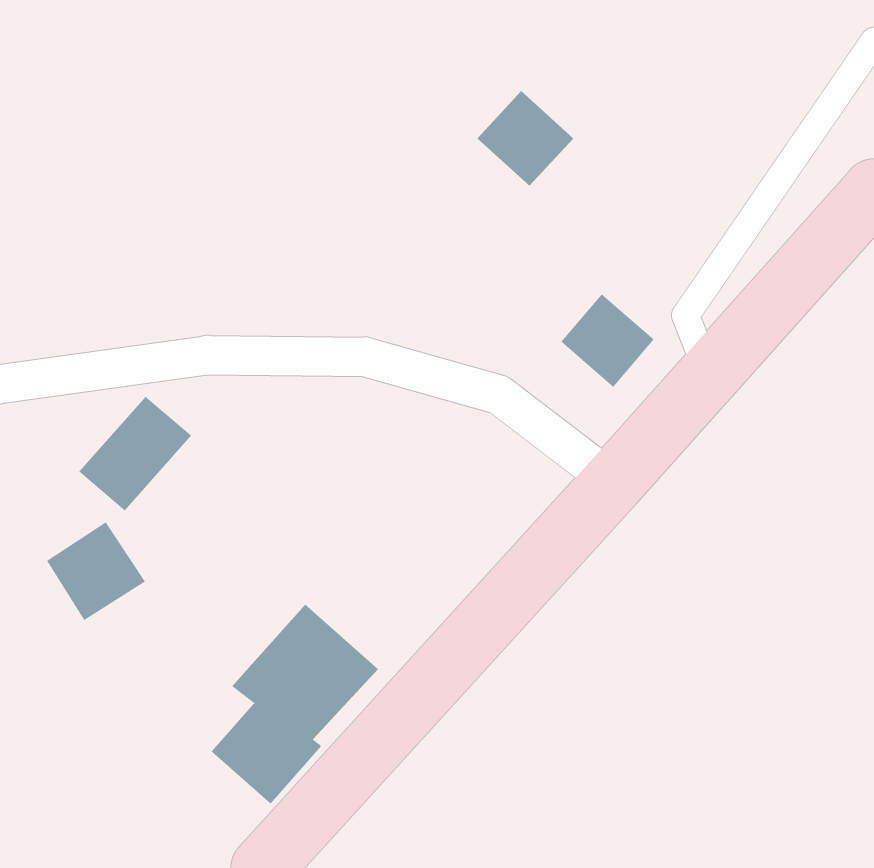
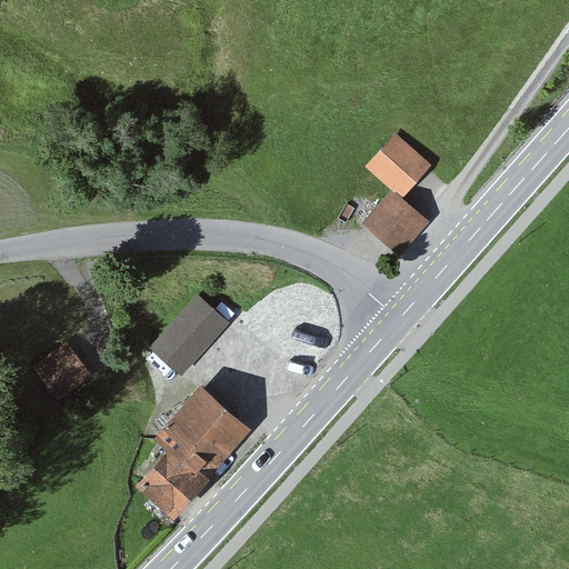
building: [477,90,574,186] -> [367,132,430,194]
building: [79,396,192,511] -> [152,296,226,370]

